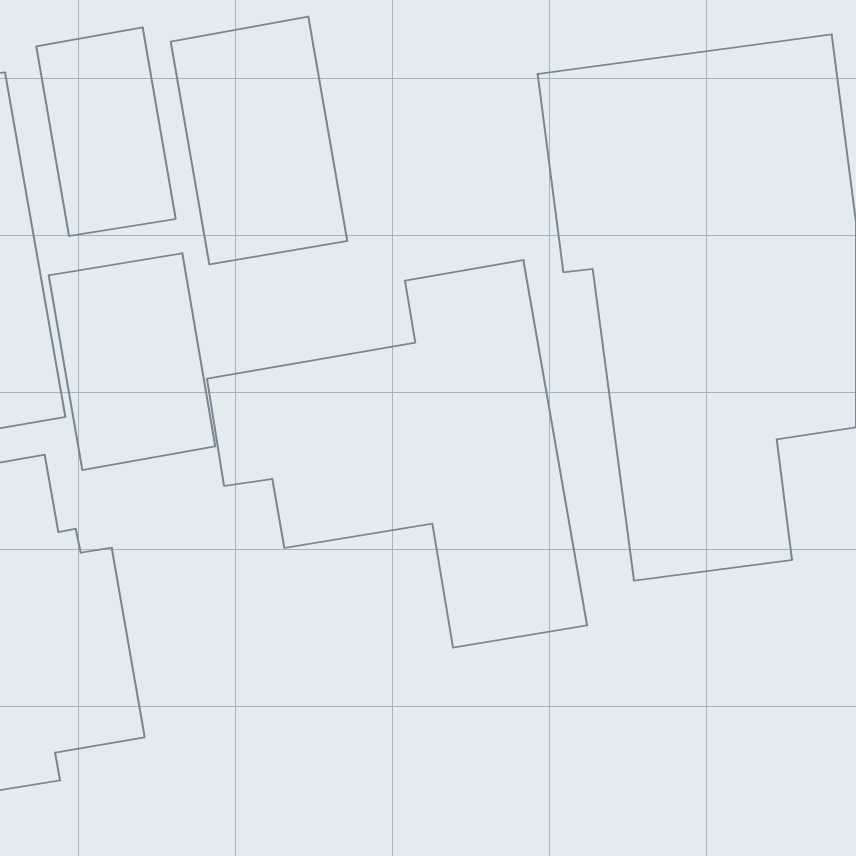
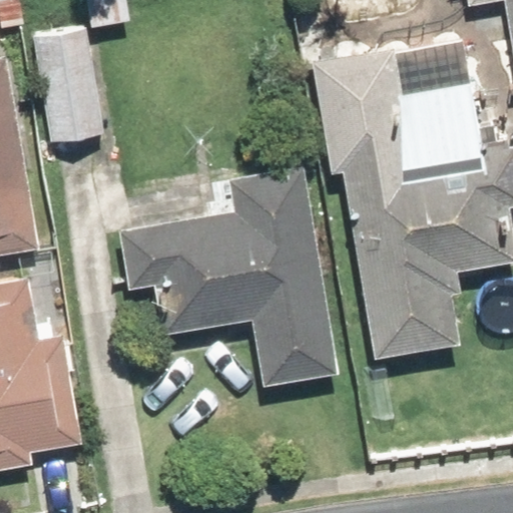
building: [171,16,347,264] -> none
building: [49,253,215,470] -> none

